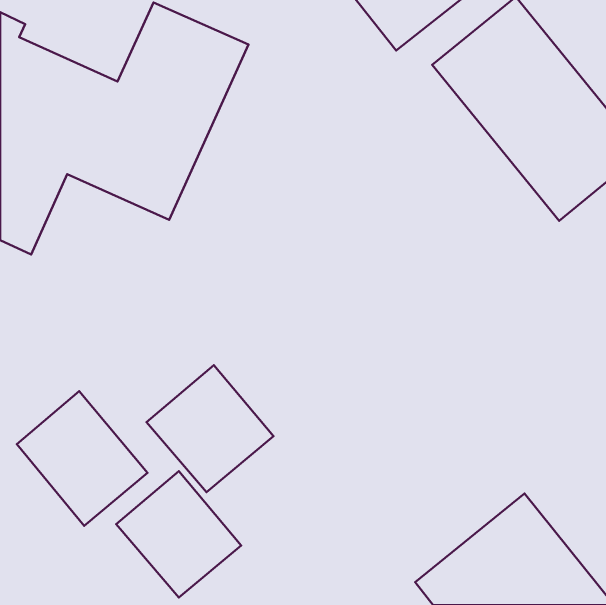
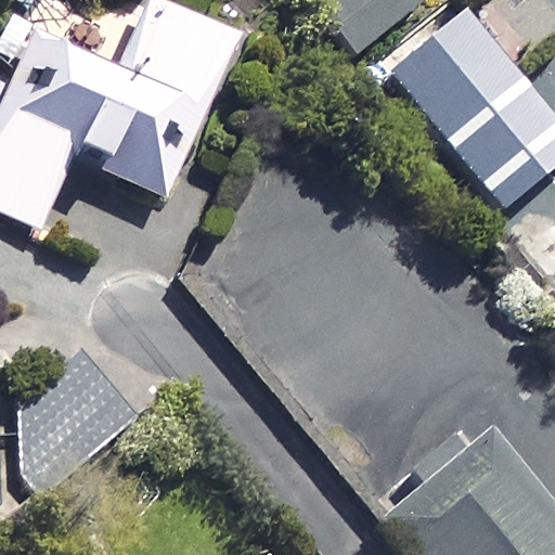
building: [146,365,273,492] -> none
building: [116,471,241,597] -> none

